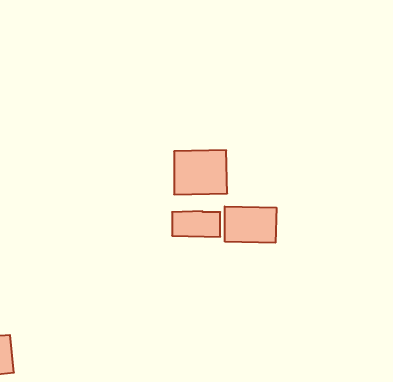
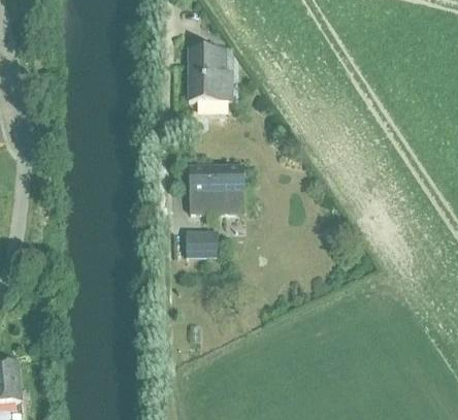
building: none -> [189,47,233,100]
building: [225,206,276,243] -> none

